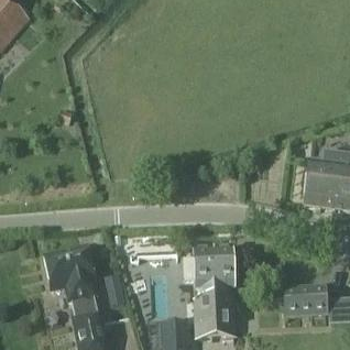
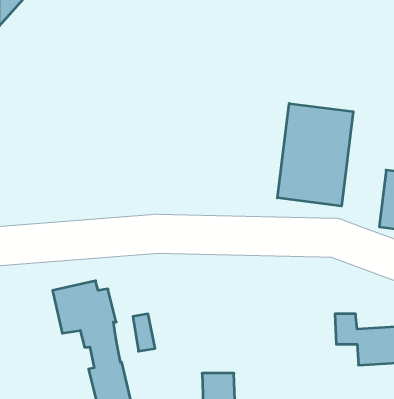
building: none -> [277,103,353,206]
building: [185,249,236,331] -> none

